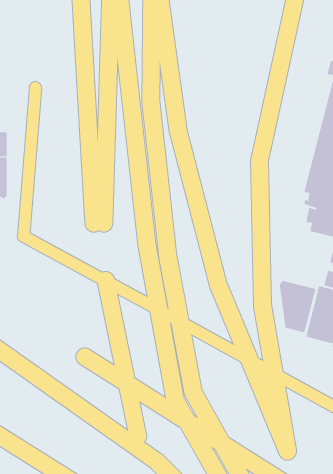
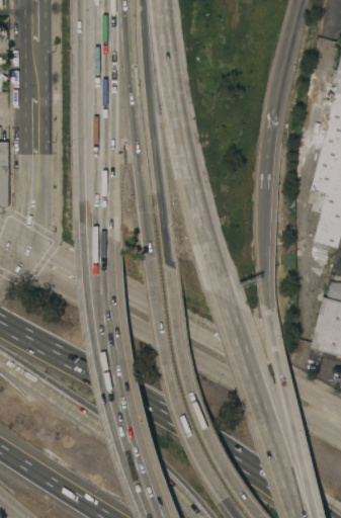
building: [279,280,316,333] -> none

